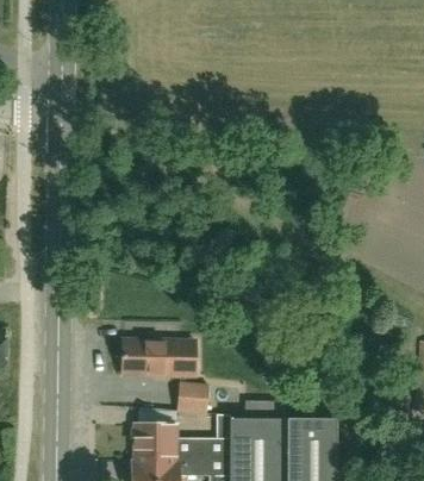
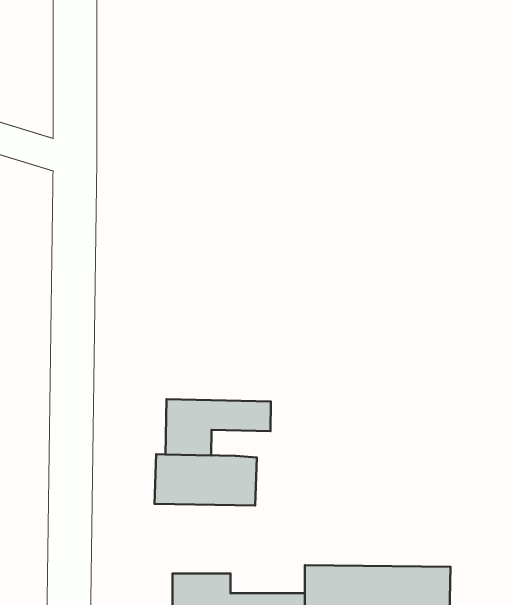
building: none -> [165,399,271,455]
building: [177,382,208,412] -> none

